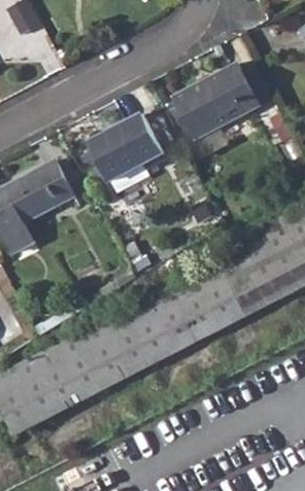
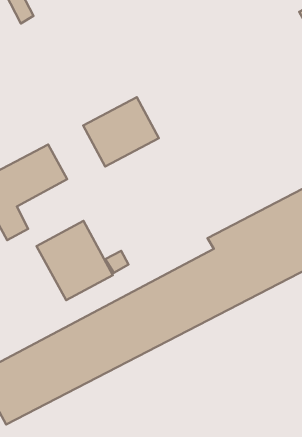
building: [175,65,261,140] -> none
building: none -> [36,221,113,300]

